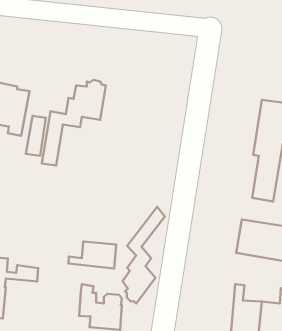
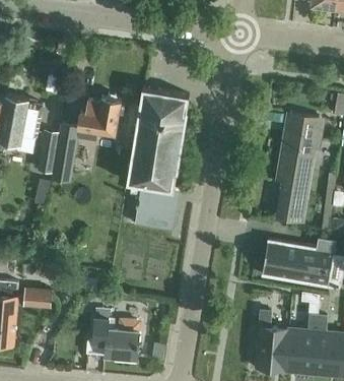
building: none -> [125,88,188,230]
building: [123,207,165,303] -> none
building: [68,242,116,268] -> none

